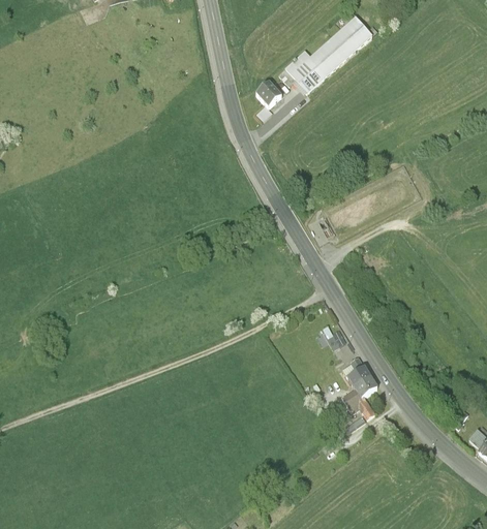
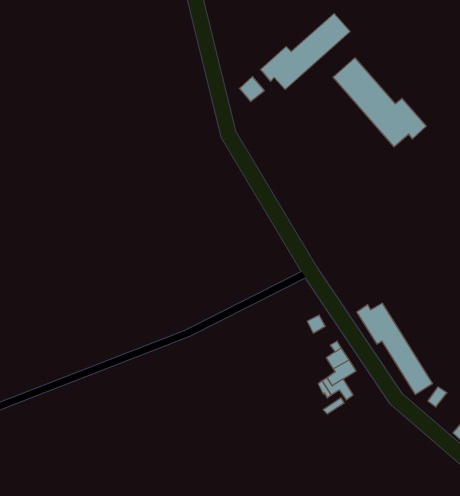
building: none -> [333,58,426,147]
building: none -> [357,303,432,394]

